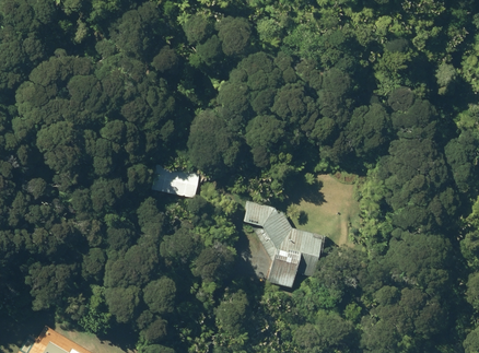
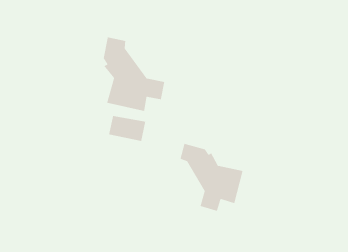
building: none -> [103,36,165,112]

